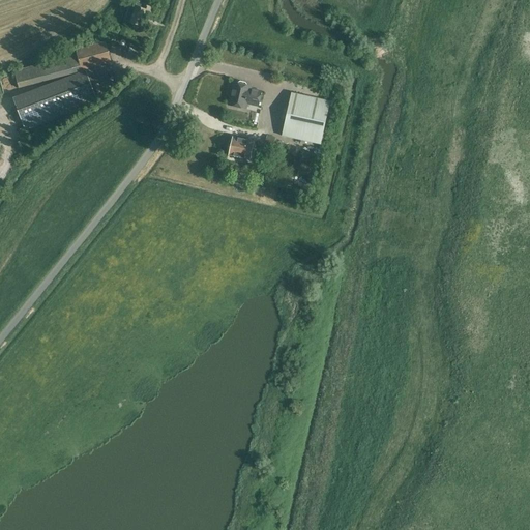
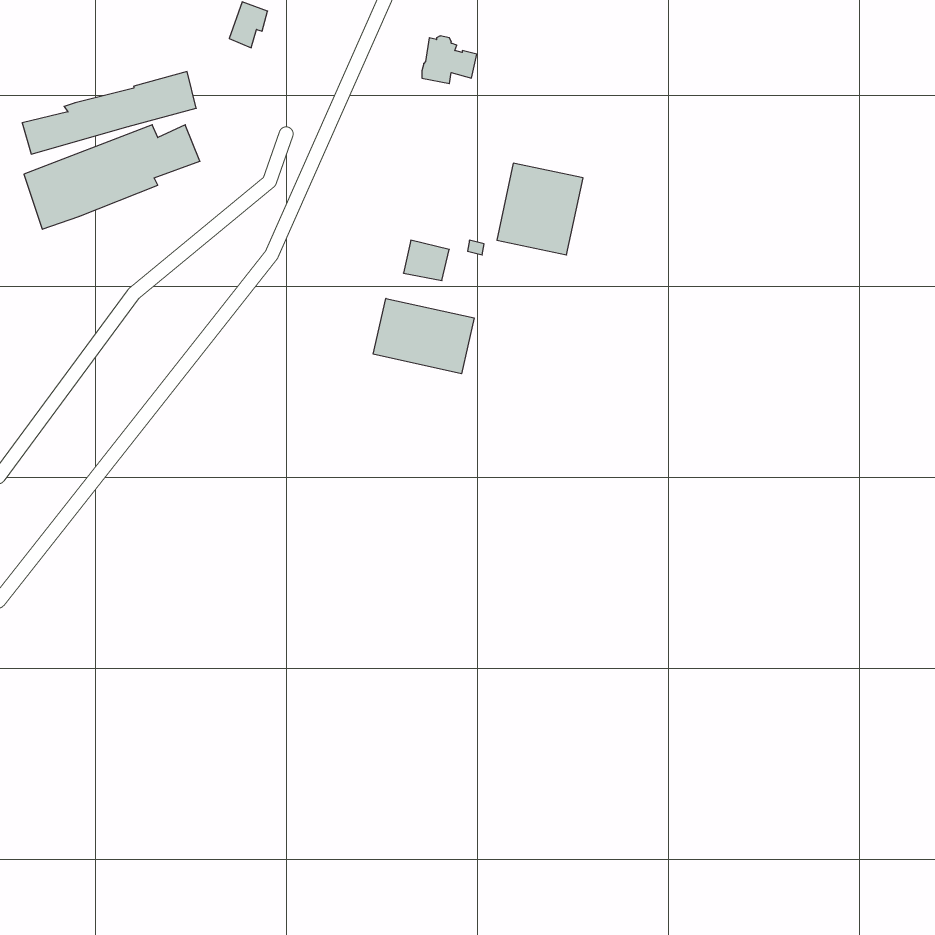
building: [229,81,260,108] -> [422,36,477,84]
building: none -> [373,298,474,374]

